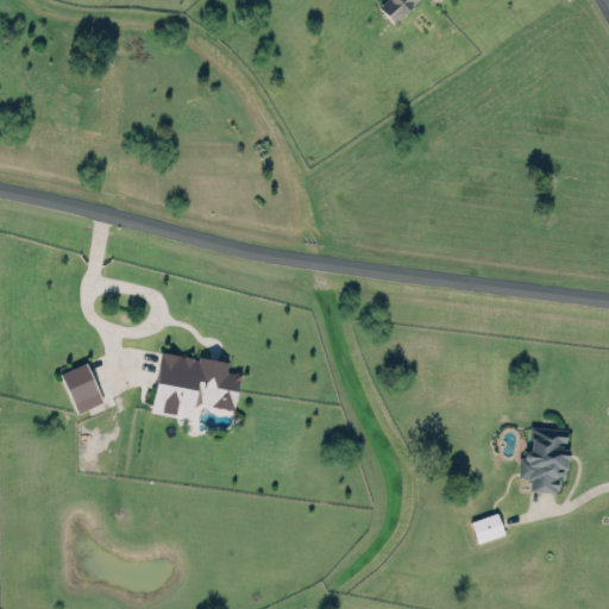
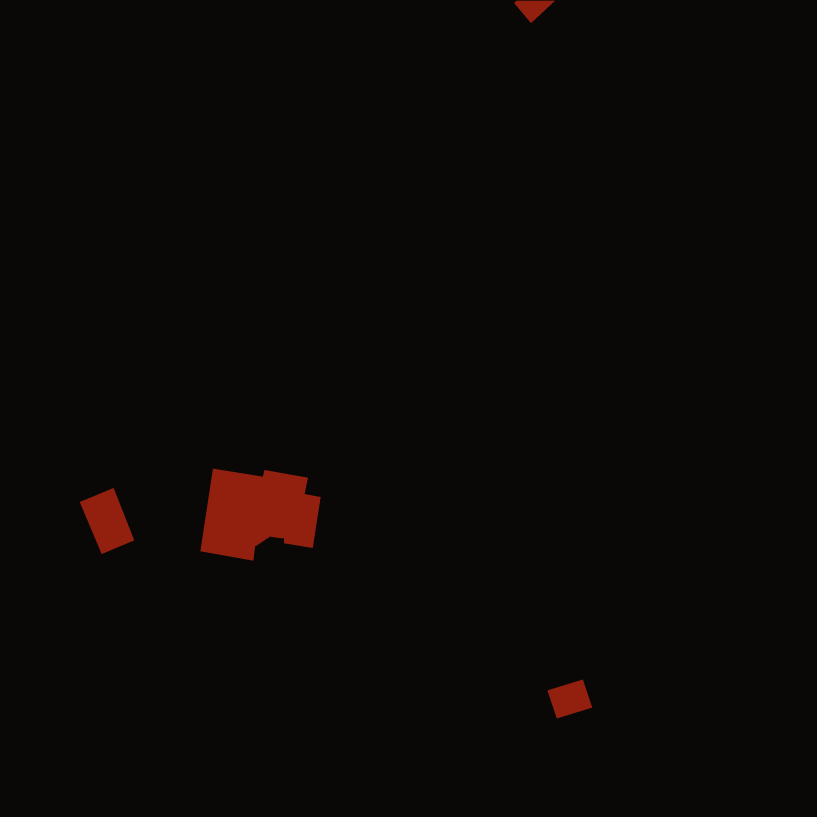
building: [520,428,569,494] -> none
building: [471,514,506,544] -> [546,679,593,719]

